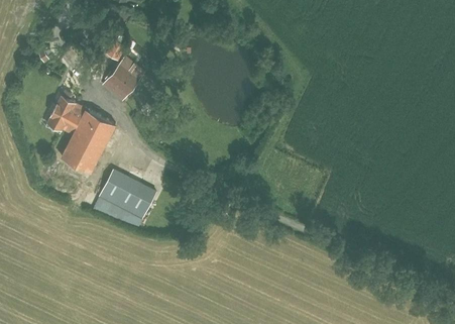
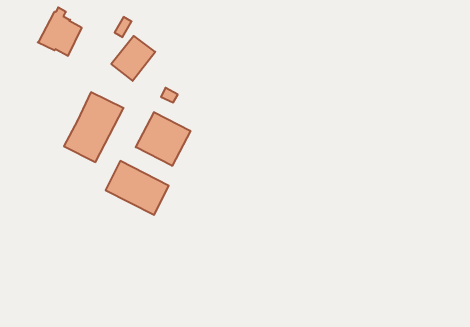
building: [45,92,85,135] -> [38,7,82,56]
building: none -> [136,112,190,166]

